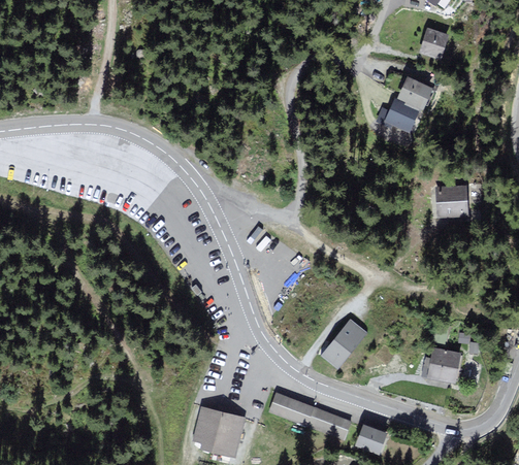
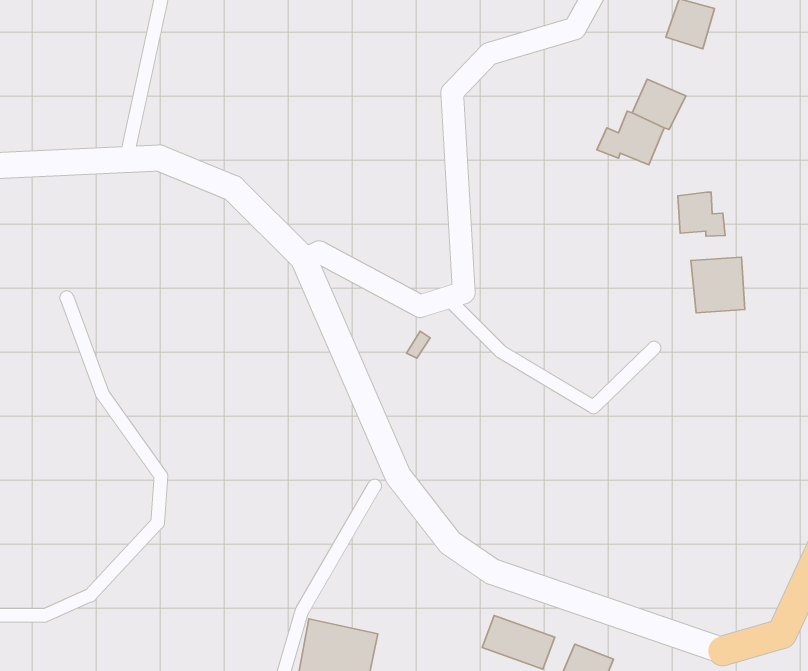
building: none -> [678,192,725,236]
building: [322,321,365,367] -> none
building: [428,347,462,384] -> none
building: [269,393,315,426] -> none

